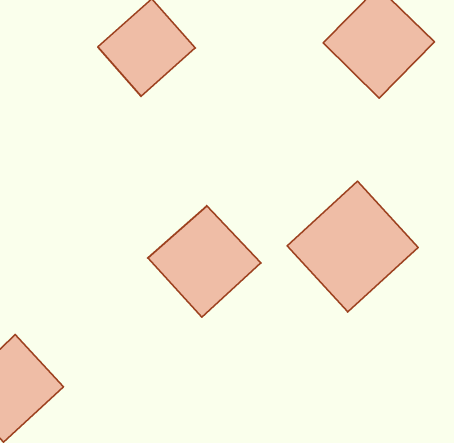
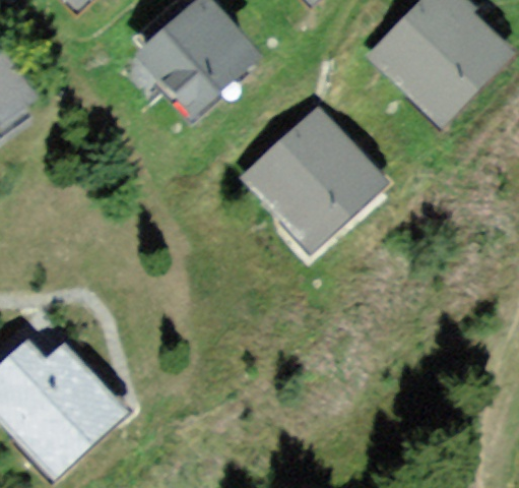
building: [287,181,418,312] -> none
building: [148,206,261,317] -> [255,123,372,238]

